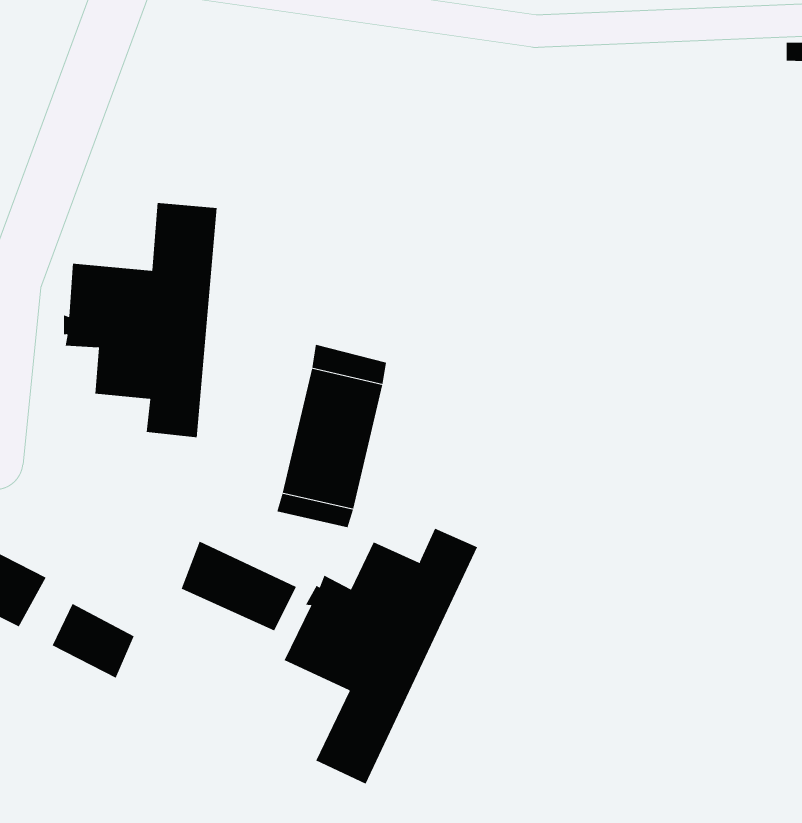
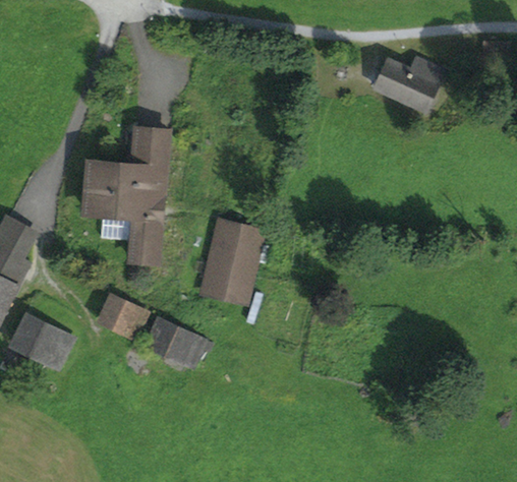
building: none -> [375,57,444,110]
building: [284,528,478,784] -> none
building: [52,603,135,679] -> [100,293,146,335]

